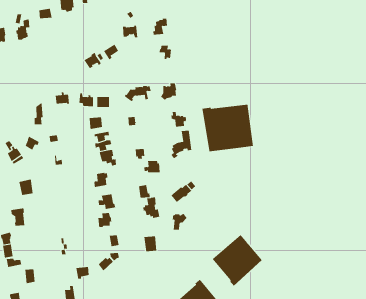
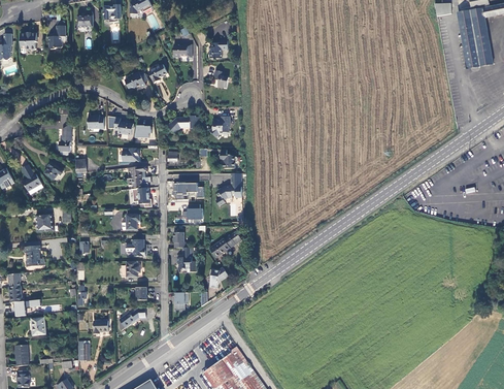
building: [202,104,253,152] -> none
building: [212,234,263,287] -> none

